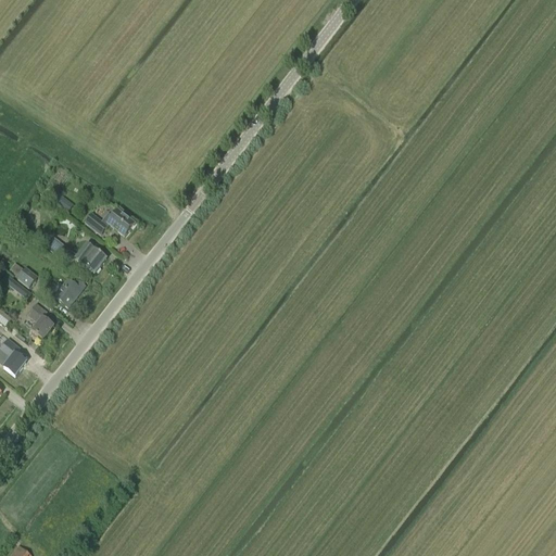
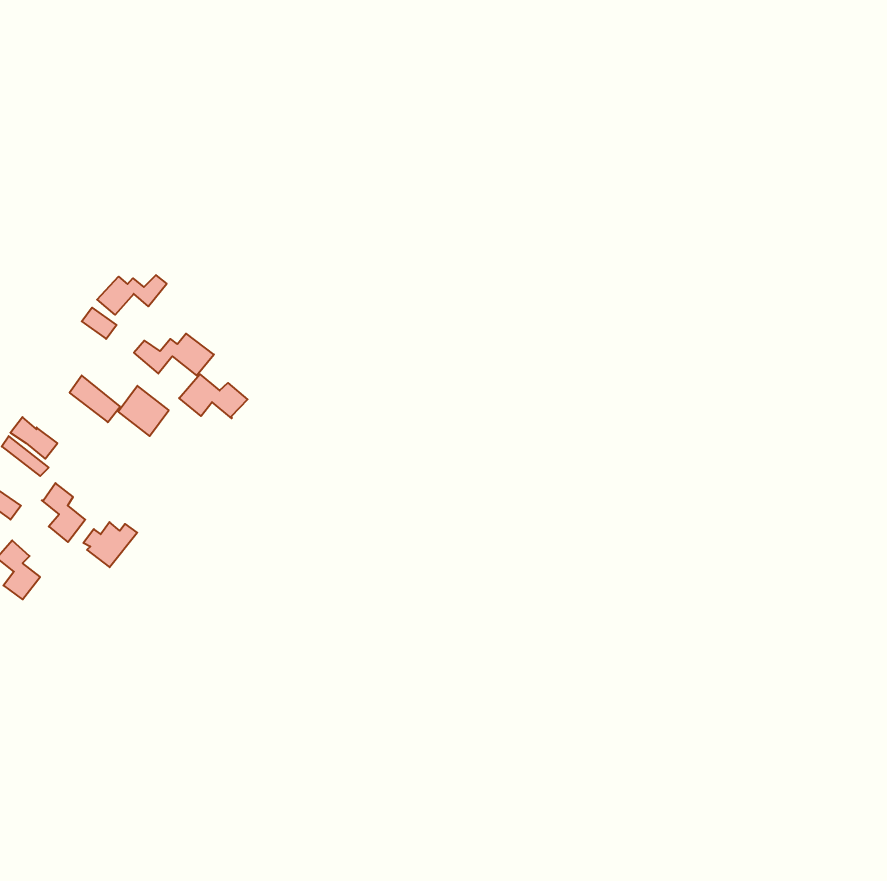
building: none -> [97,275,167,315]
building: none -> [179,374,248,418]
building: [51,278,85,306] -> [83,522,137,567]

